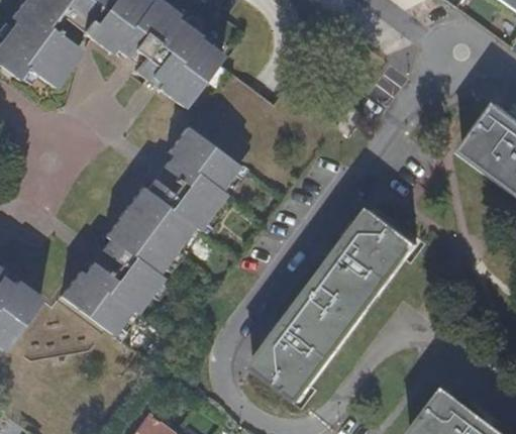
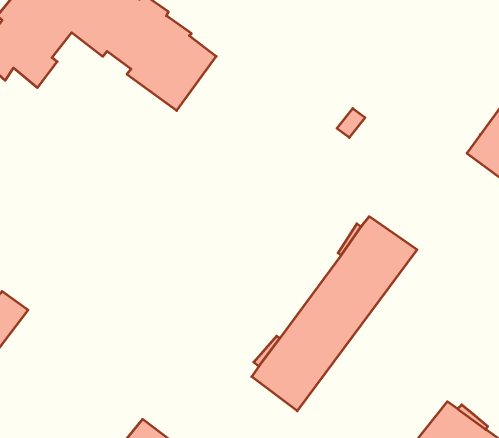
building: [61,127,238,336] -> none

